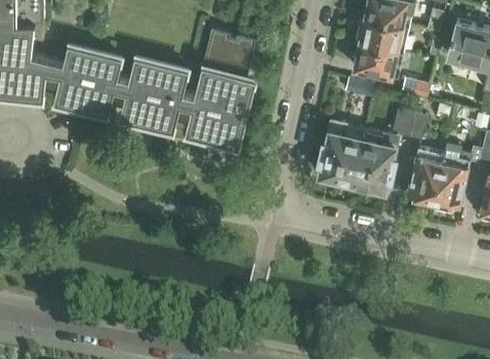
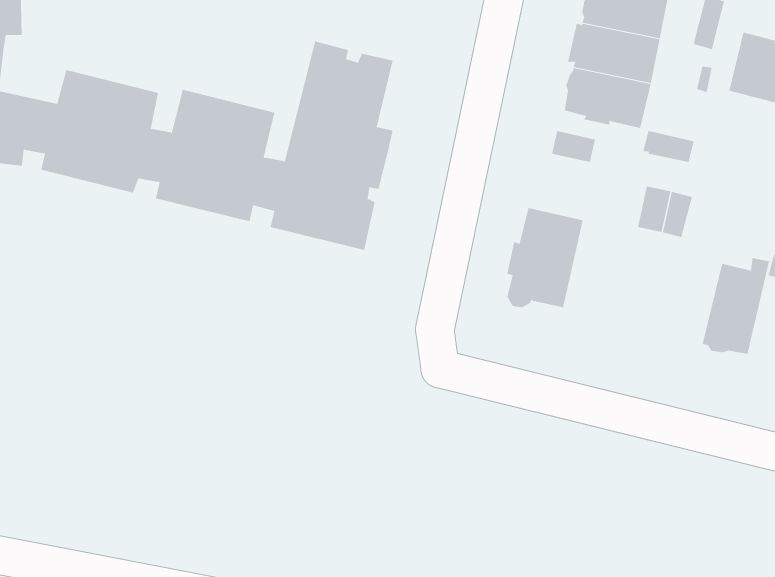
building: [353,128,396,191] -> none
building: [407,147,443,201] -> none

